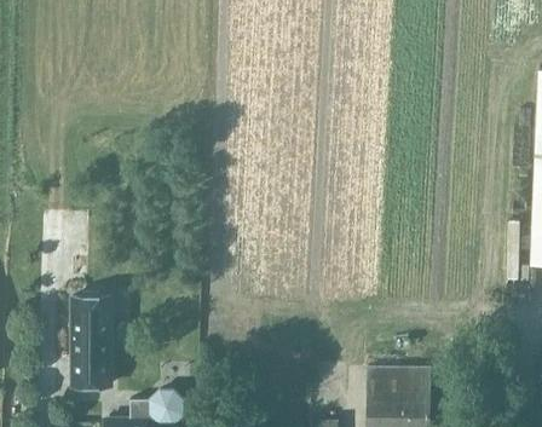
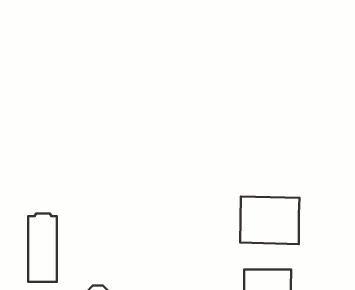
building: none -> [240,196,299,244]

